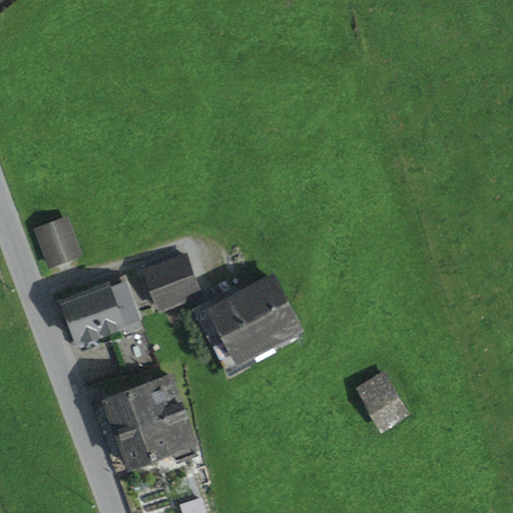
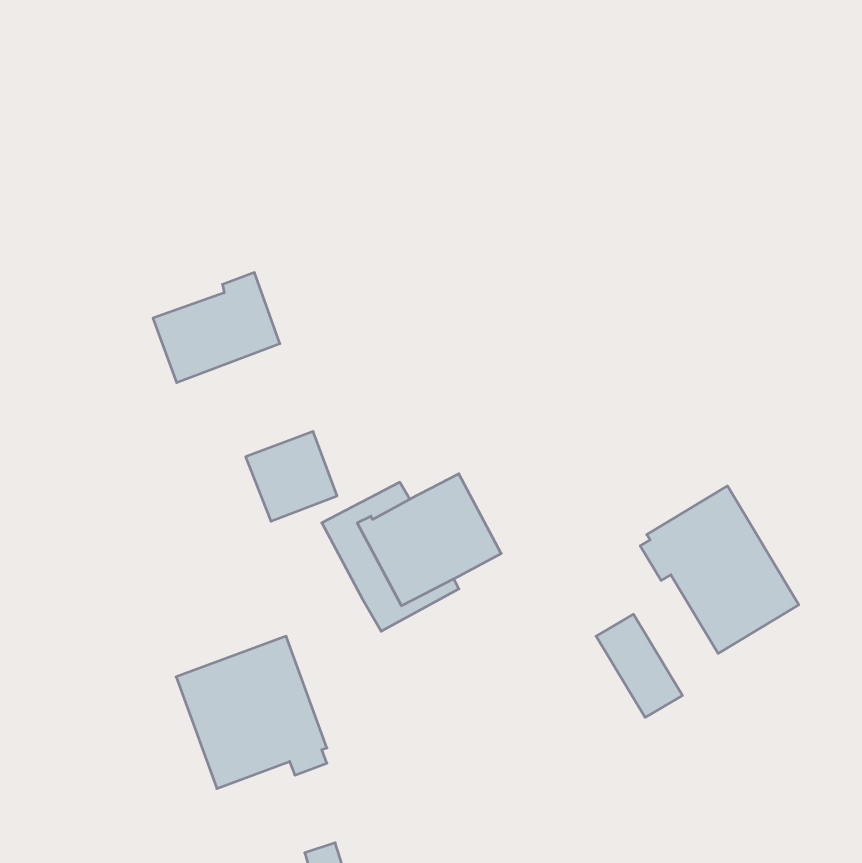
building: [36,220,77,266] -> none
building: [63,277,138,342] -> [153,273,280,383]
building: none -> [640,486,799,653]

